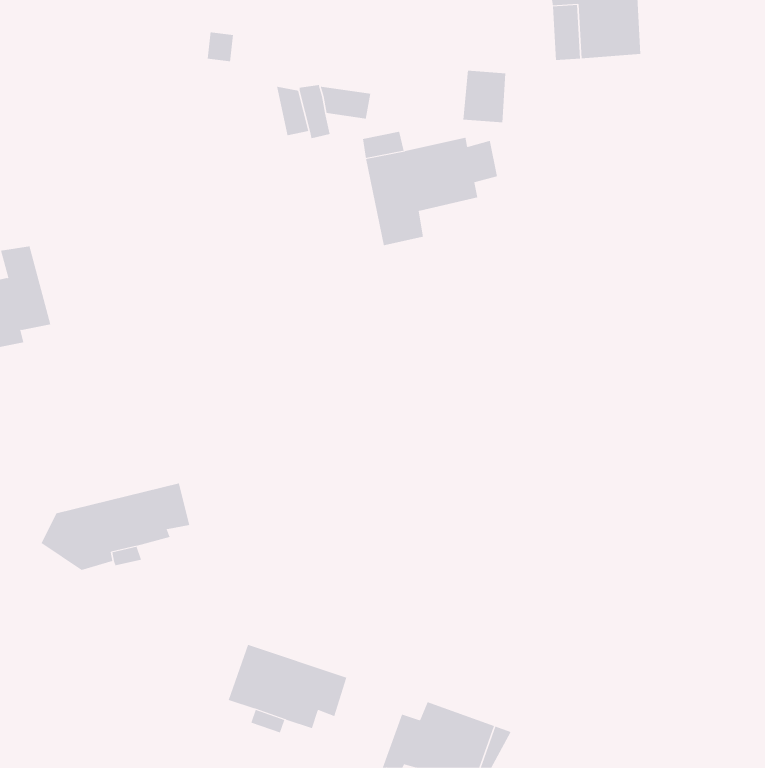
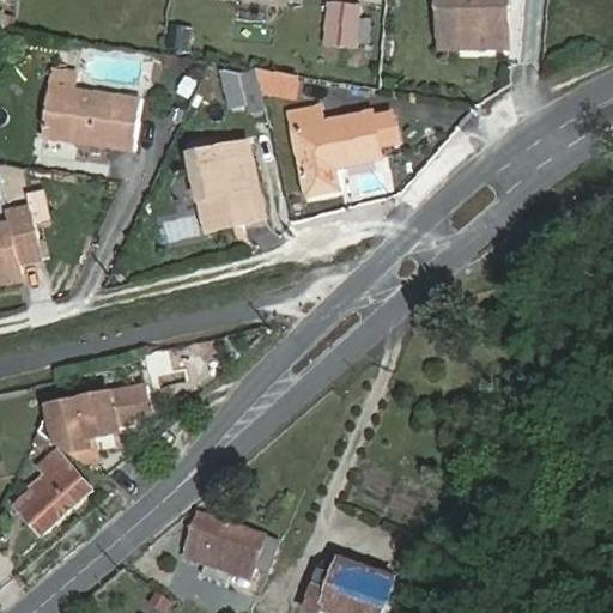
building: [463,70,506,123] -> [324,5,359,47]
building: none -> [40,85,138,147]
building: none -> [190,142,262,224]
building: none -> [22,449,90,534]

